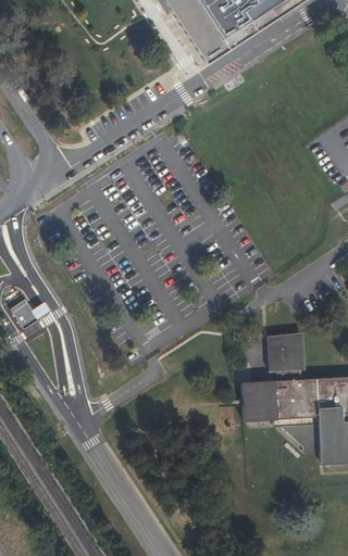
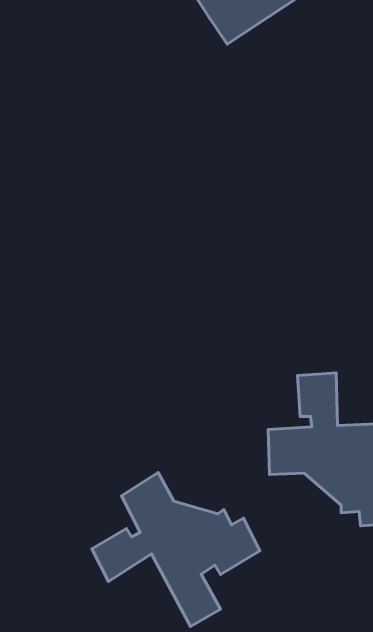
building: none -> [92,472,260,626]

